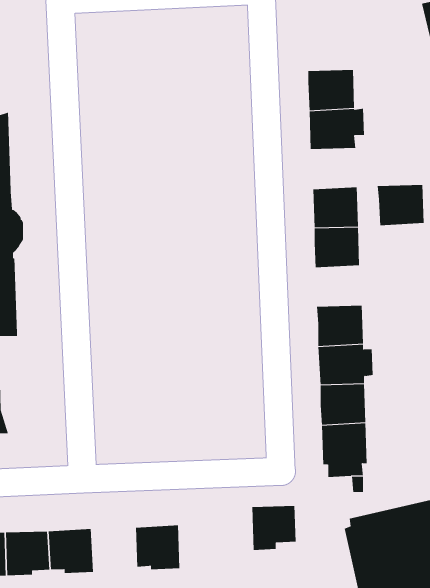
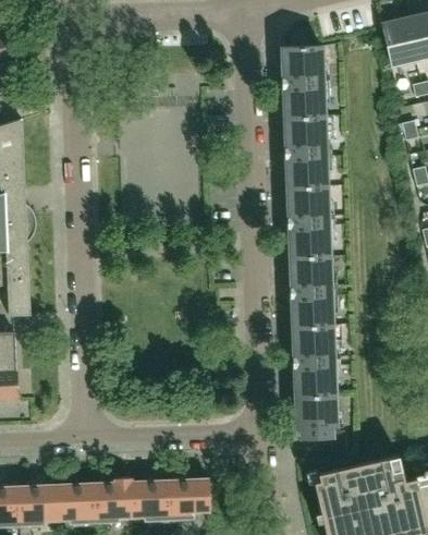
building: none -> [281,46,322,83]
building: [377,185,424,226] -> [284,150,326,186]
building: none -> [289,253,330,289]
building: [251,506,296,550] -> [170,478,209,518]
building: none -> [94,478,133,521]

